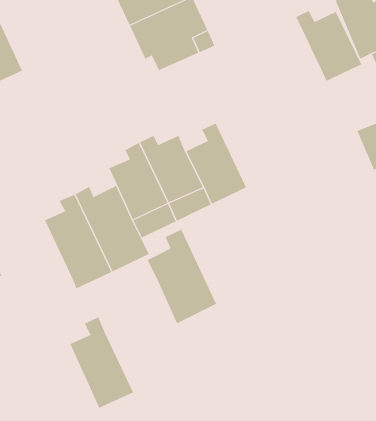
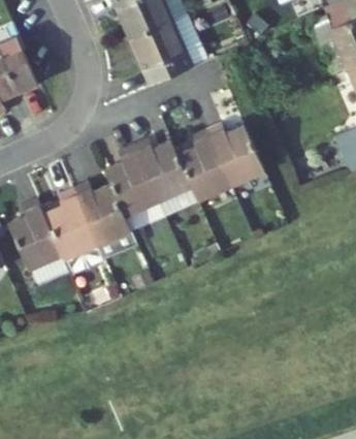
building: [295,10,362,81] -> [205,120,266,185]
building: [147,229,217,324] -> none
building: [69,317,134,408] -> [15,200,74,284]

